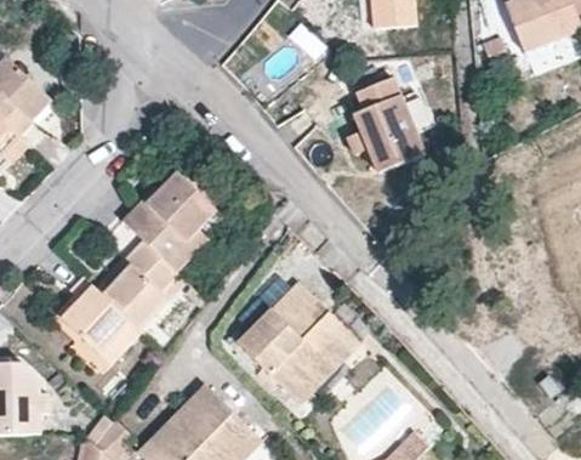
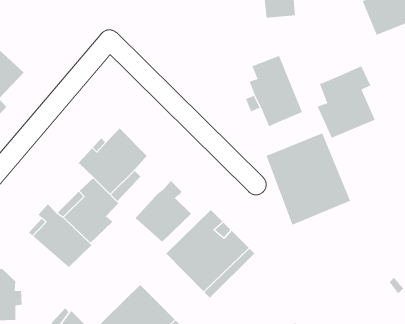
building: none -> [317,66,376,138]
building: none -> [266,133,351,226]
building: none -> [135,180,192,243]

